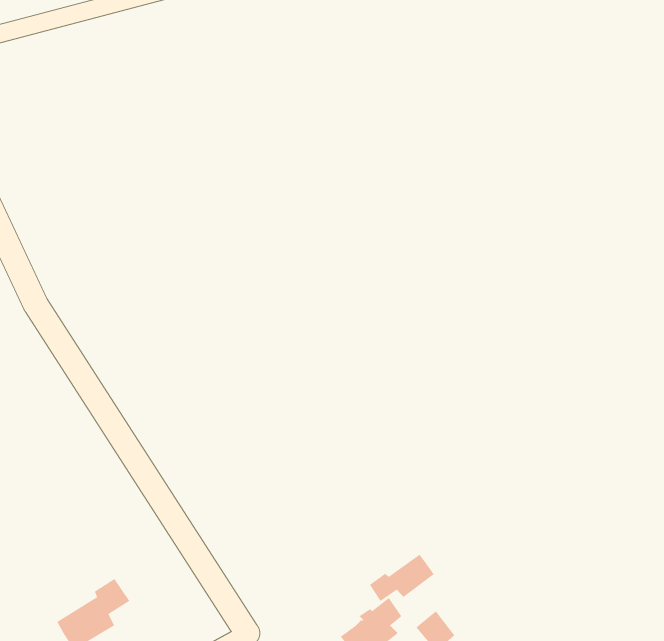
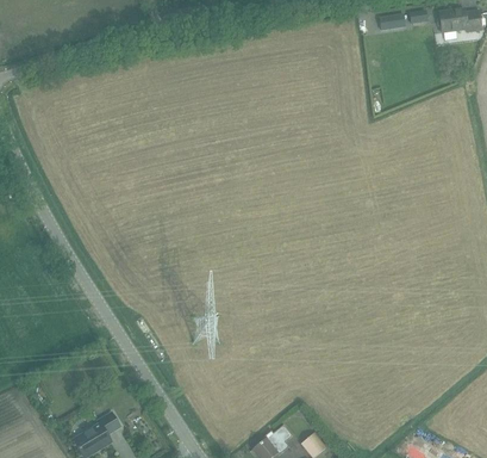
building: [369,554,435,602] -> none

